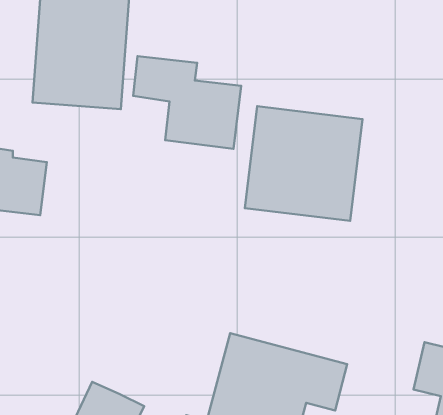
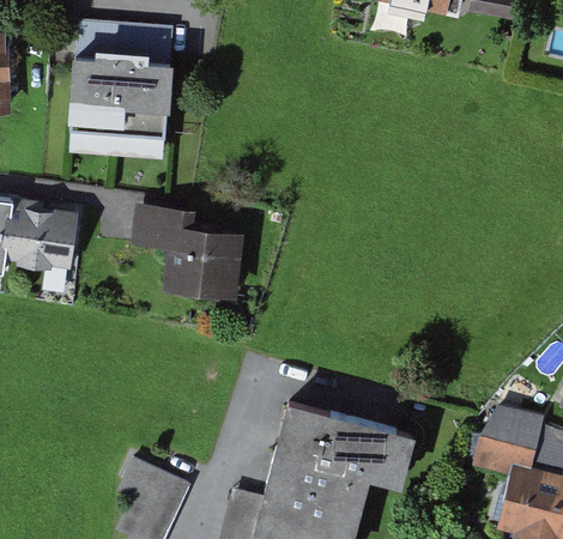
building: [133,56,241,149] -> [134,205,252,305]
building: [245,106,363,221] -> none

